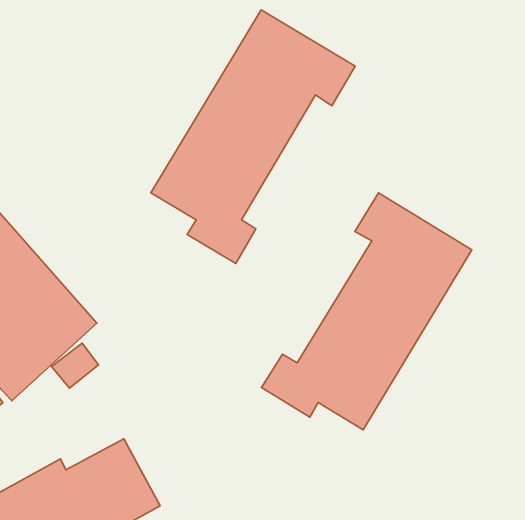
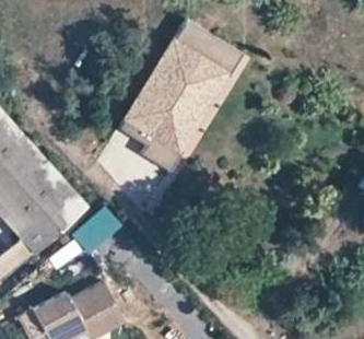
building: [262,193,472,430] -> none

